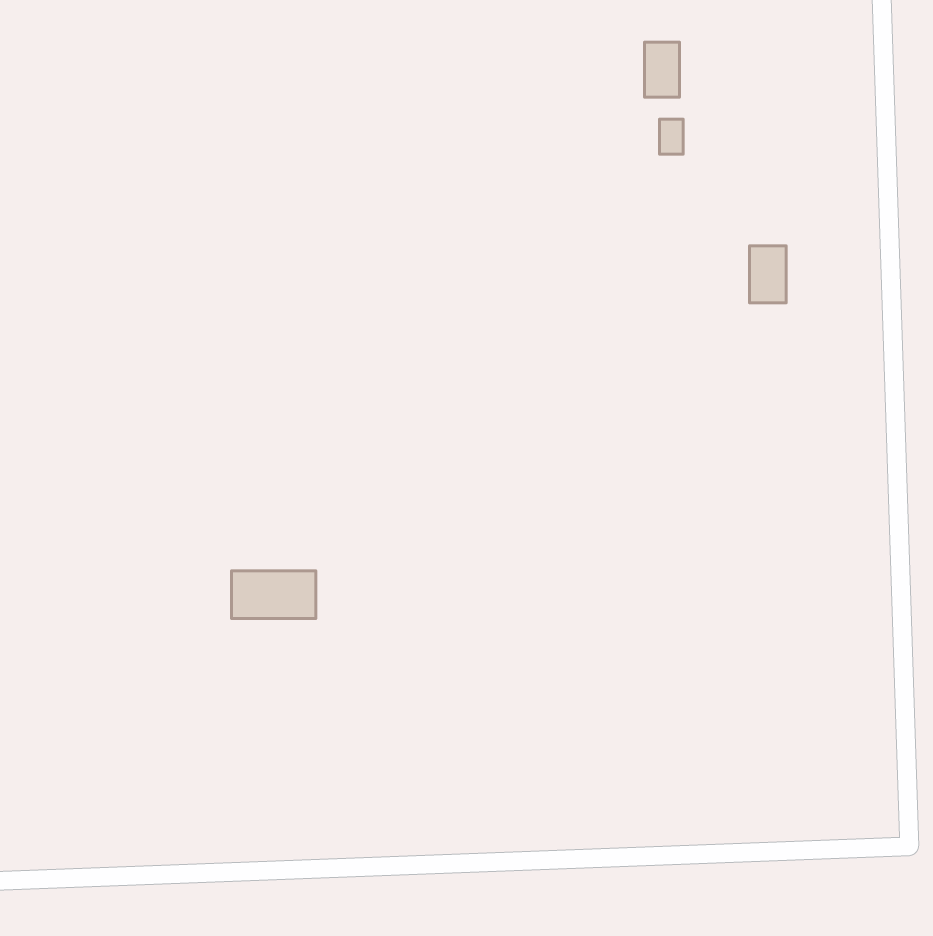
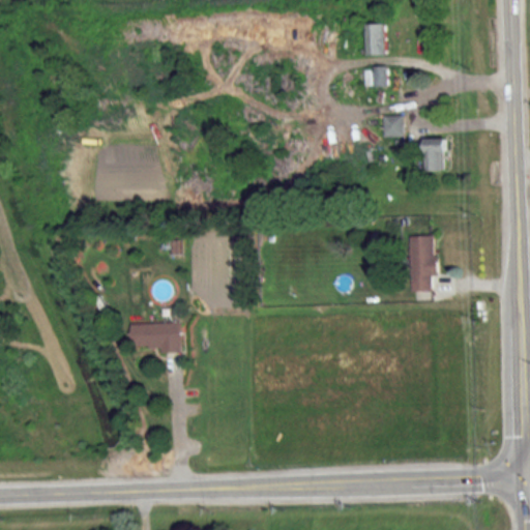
building: none -> [382,115,401,137]
building: none -> [409,235,434,291]

